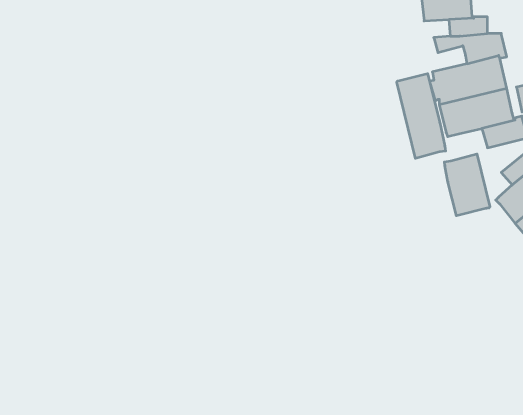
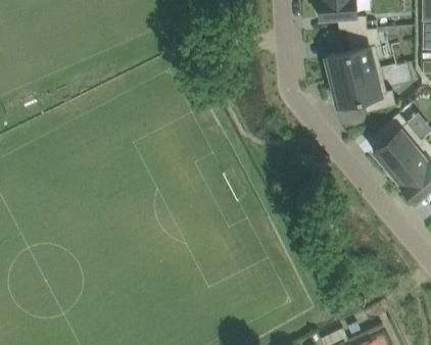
building: [397,74,446,158] -> none
building: [444,154,490,216] -> none

